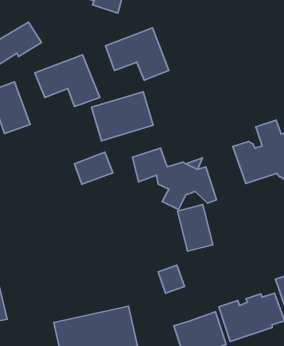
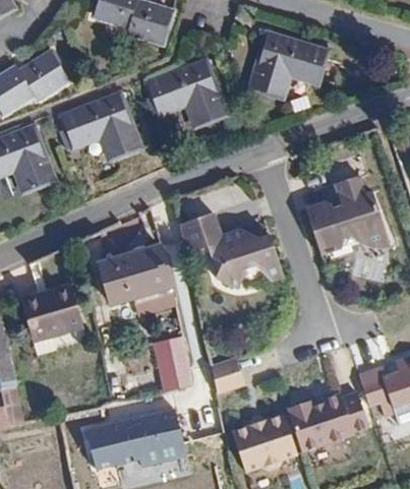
building: none -> [250,33,327,98]
building: [92,92,153,141] -> [97,245,173,306]
building: [177,205,213,251] -> [153,334,196,392]
building: none -> [21,287,84,343]

